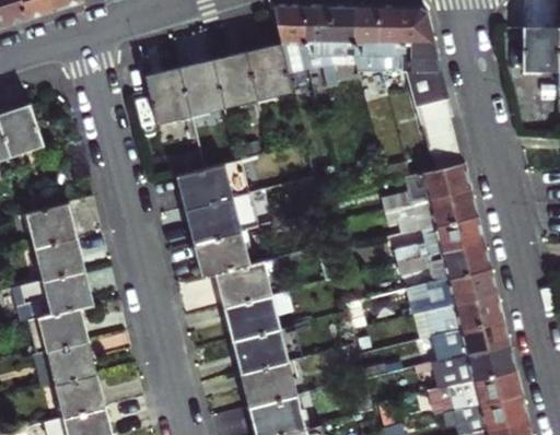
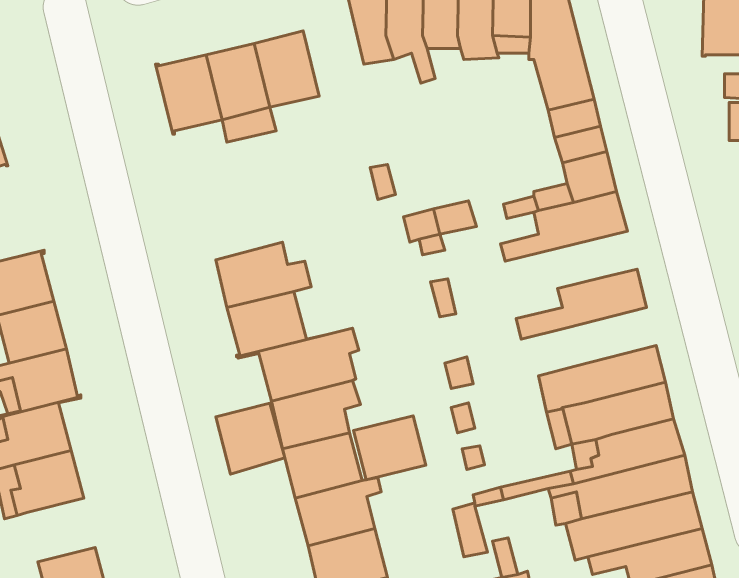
building: [246,43,292,97] -> none
building: [175,164,232,210] -> none
building: [385,190,476,235] -> none
building: [396,243,489,283] -> none
building: none -> [216,403,285,474]
building: none -> [354,416,426,480]
building: [56,374,103,418] -> none

